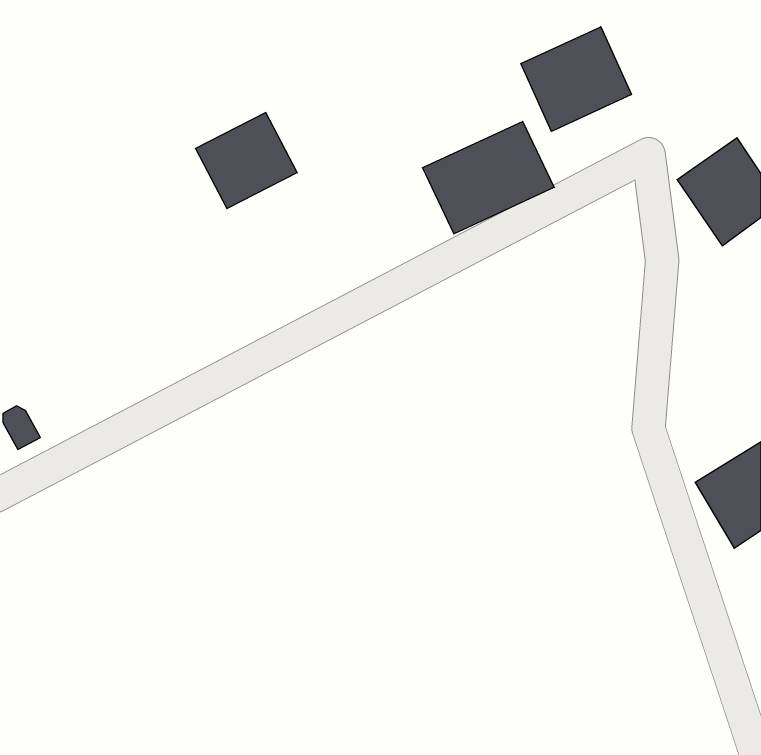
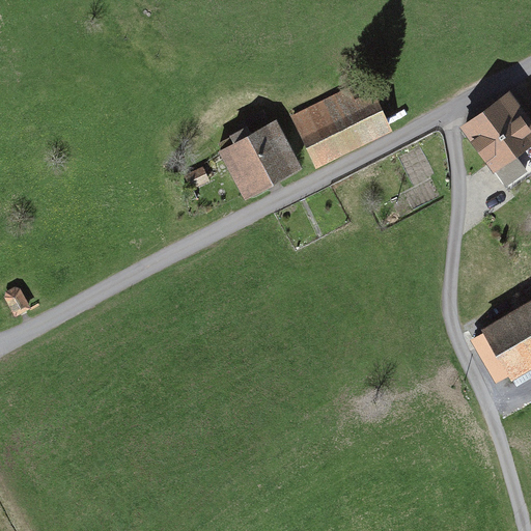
building: [521,27,631,131] -> none
building: [195,113,297,209] -> [226,128,297,194]

